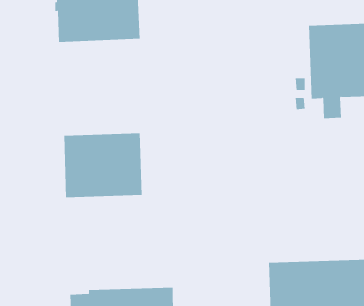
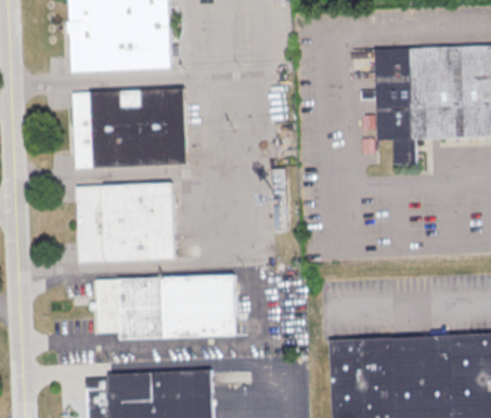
building: none -> [73,90,188,169]
building: none -> [90,274,236,338]

